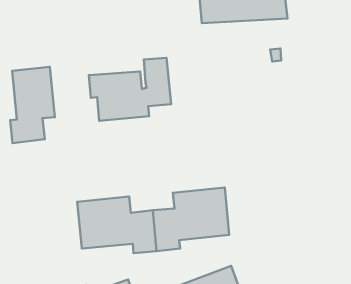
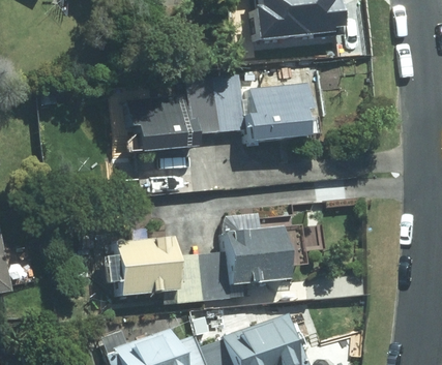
building: none -> [213,78,306,142]
building: [10,67,55,143] -> none

